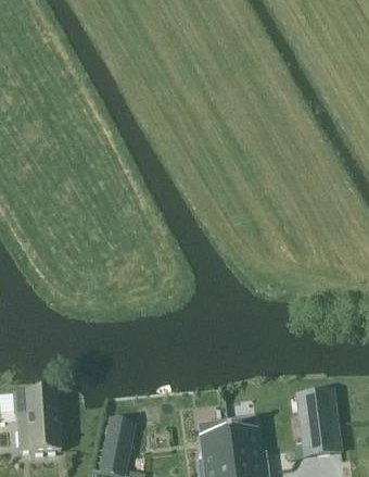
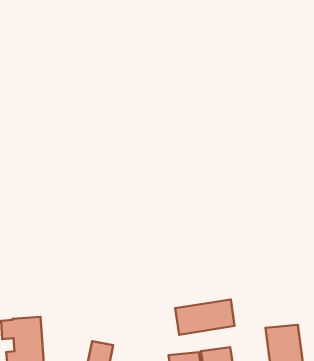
building: none -> [175,299,235,335]

